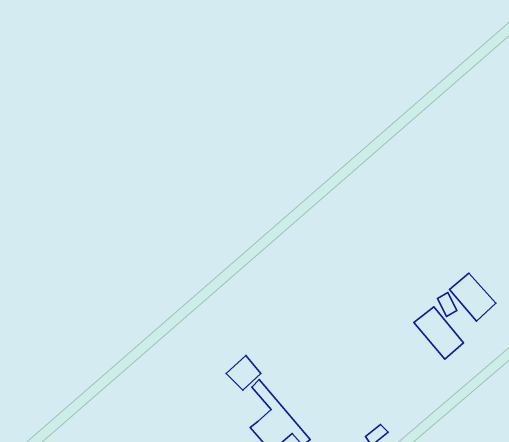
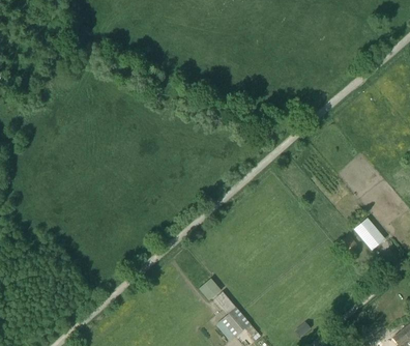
building: [414,307,464,359] -> none

